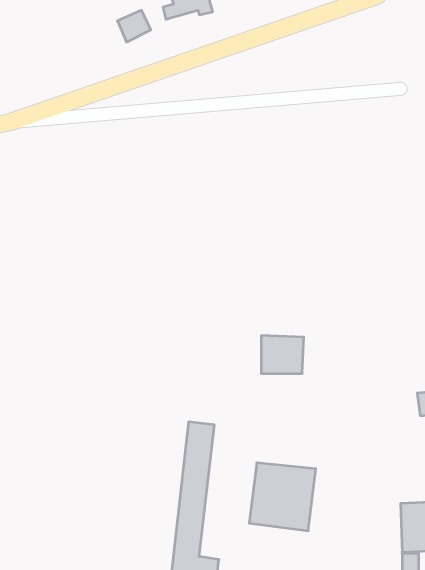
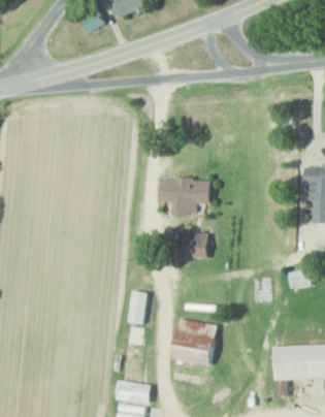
building: none -> [159,178,210,215]

